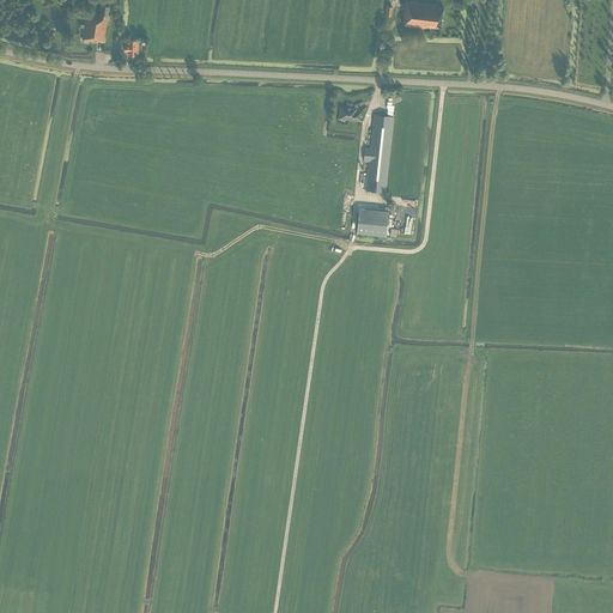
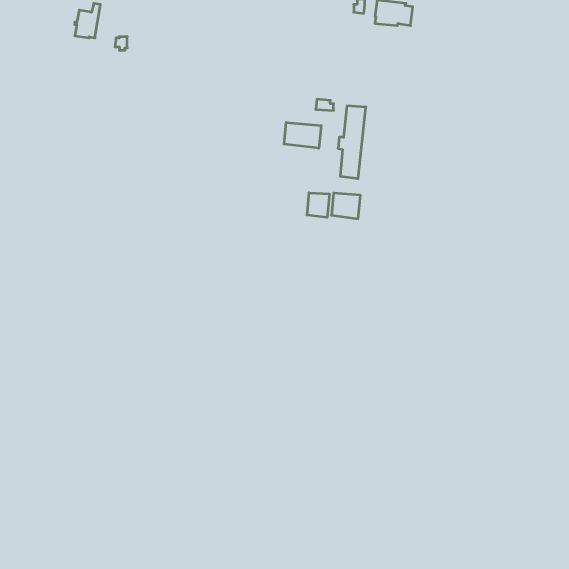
building: none -> [284,122,321,148]
building: none -> [307,193,329,217]

